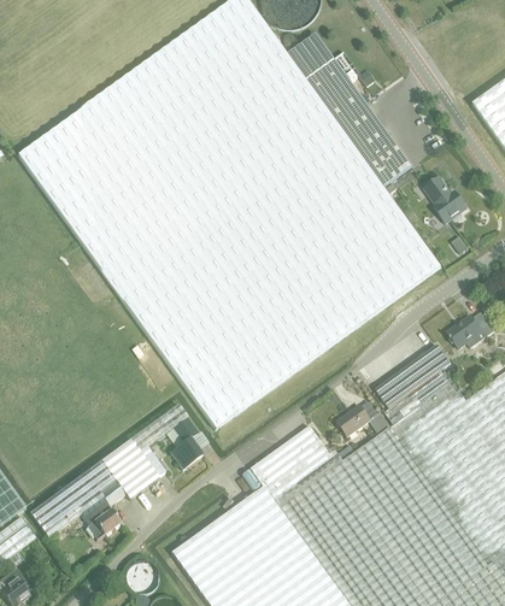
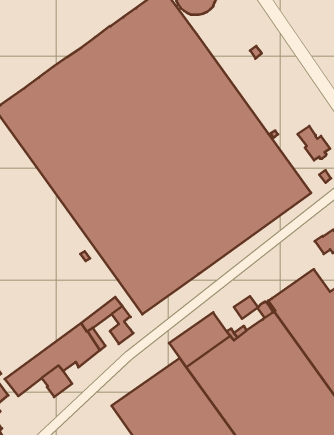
building: [288,34,412,187] -> none
building: [376,345,451,407] -> none

